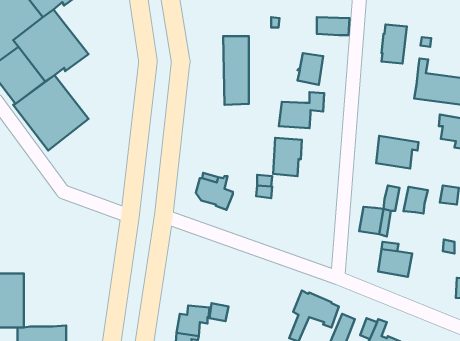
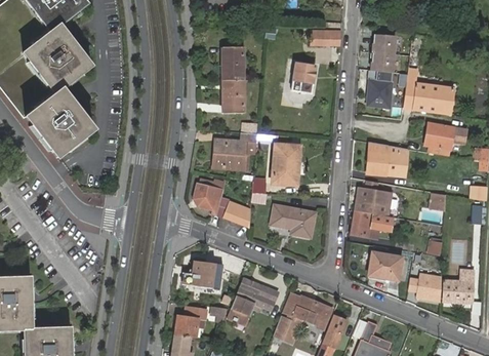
building: none -> [368,71,394,108]
building: [279,92,324,128] -> [213,132,257,167]
building: [403,187,428,213] -> [356,188,379,213]
building: none -> [223,199,251,226]
building: none -> [271,203,315,235]
building: none -> [182,261,222,288]
building: none -> [409,274,442,302]
building: none -> [231,278,279,321]

